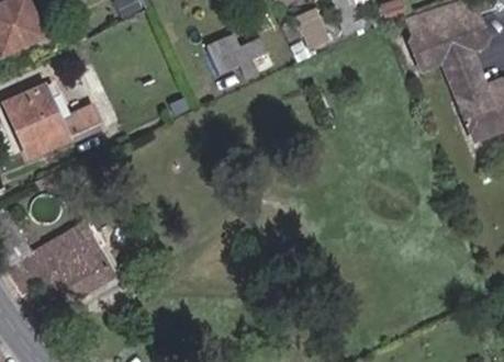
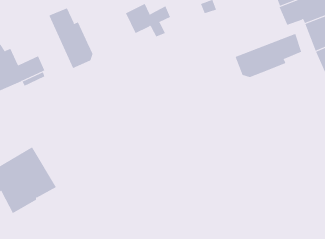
building: none -> [48,8,93,69]
building: none -> [235,33,302,78]

